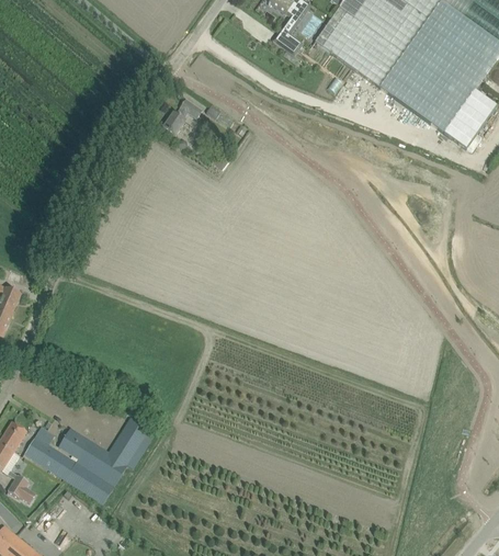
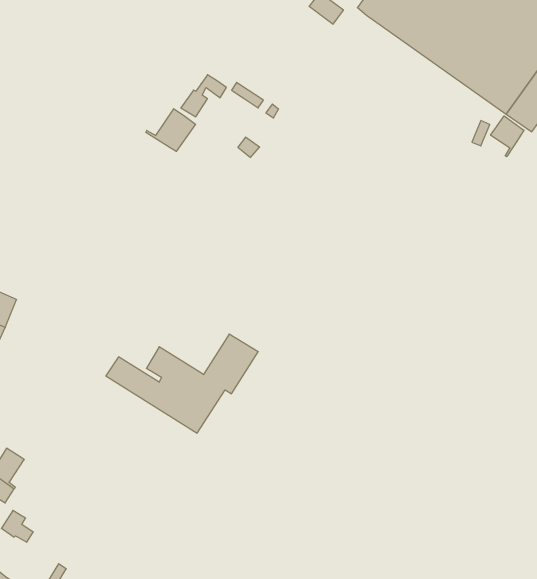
building: none -> [146,109,196,151]
building: none -> [491,116,524,157]
building: [24,416,156,501] -> [106,334,258,433]

